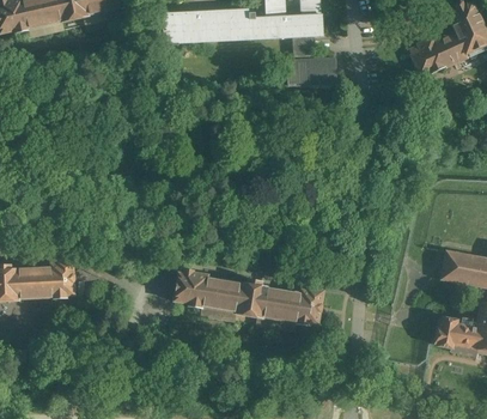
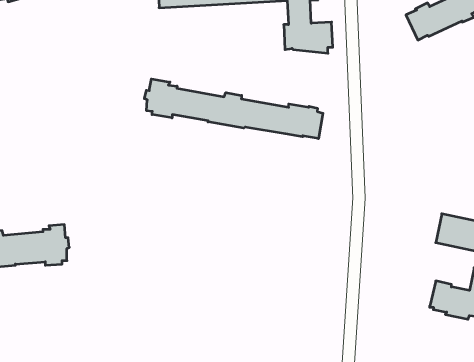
building: none -> [144,79,323,139]
building: [169,266,319,324] -> none

